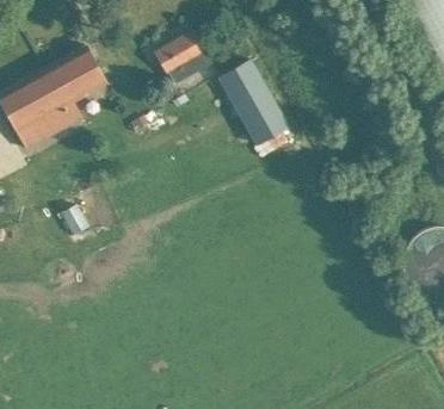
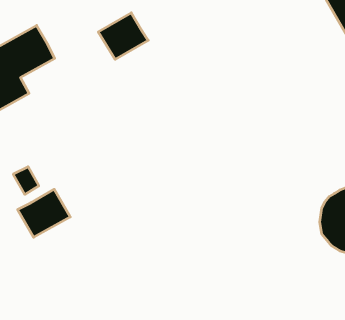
building: [221,62,288,144] -> none
building: none -> [18,189,70,237]

